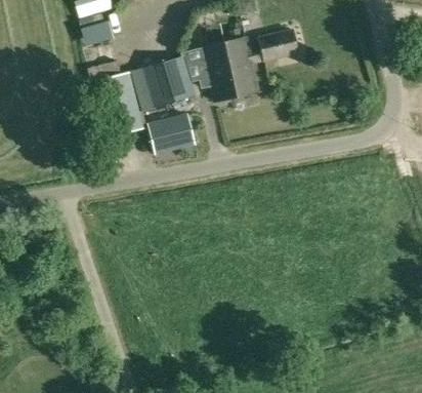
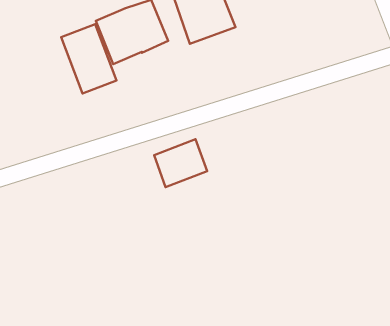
building: [149,114,196,155] -> [154,139,207,187]

